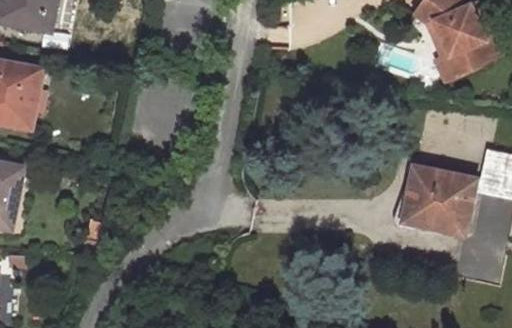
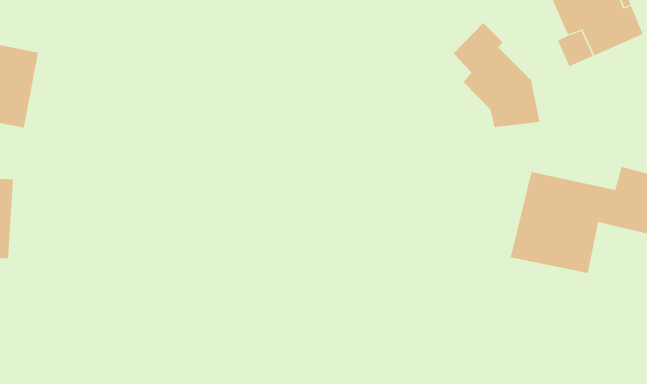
building: none -> [453,22,540,128]

